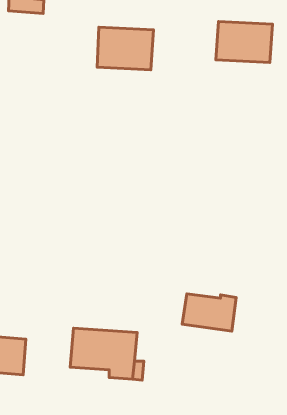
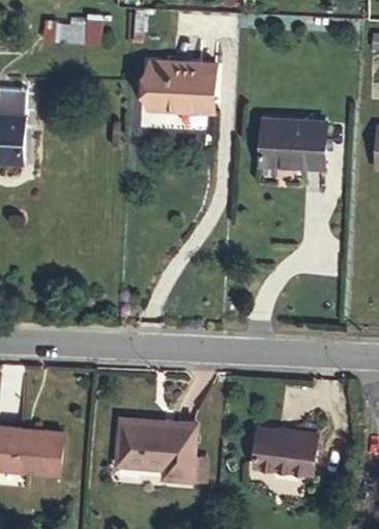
building: [216,22,272,62] -> [258,119,325,168]
building: [182,294,236,331] -> [252,430,316,474]

